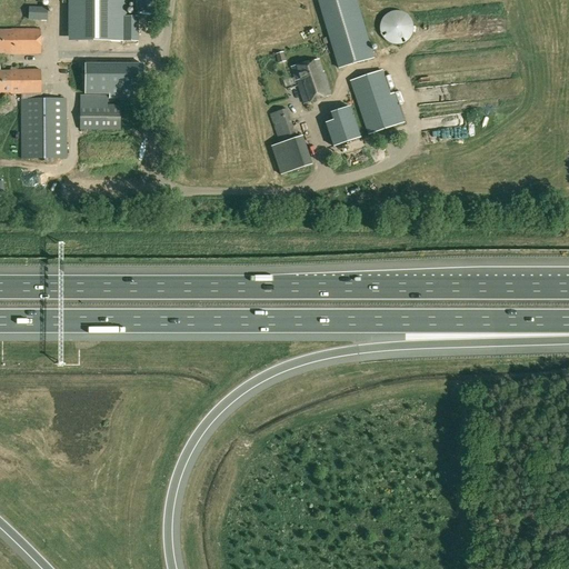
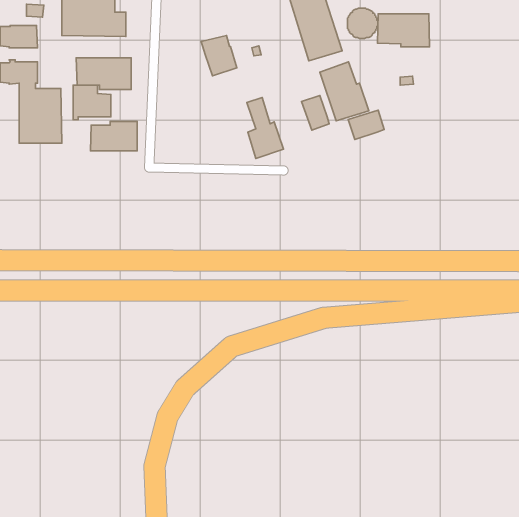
building: none -> [377,14,429,47]
building: [291,58,330,102] -> [201,35,237,76]
building: none -> [348,110,384,140]
building: none -> [90,122,137,151]

